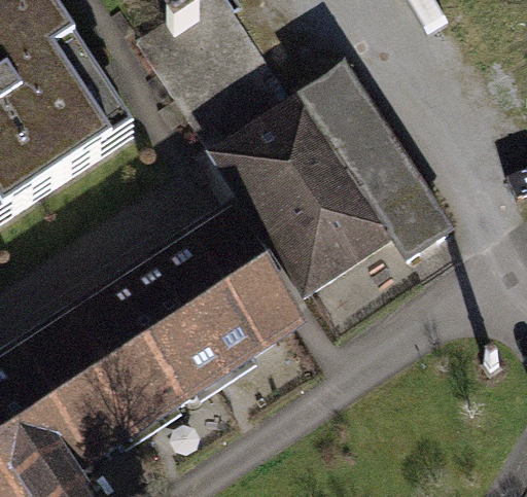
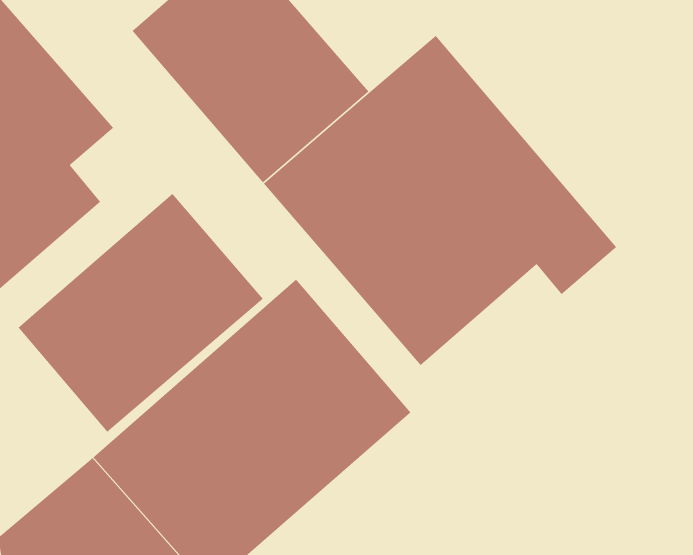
building: none -> [17,193,264,433]

